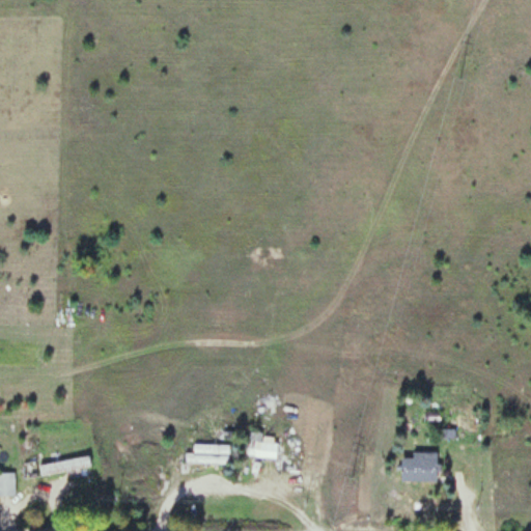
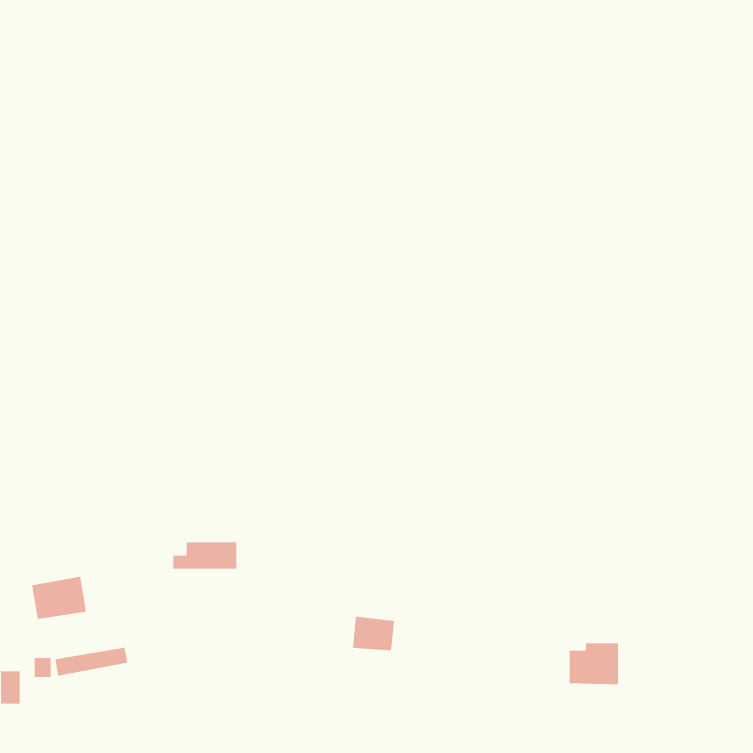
building: none -> [31,576,87,620]
building: [184,444,229,464] -> [172,541,237,569]

